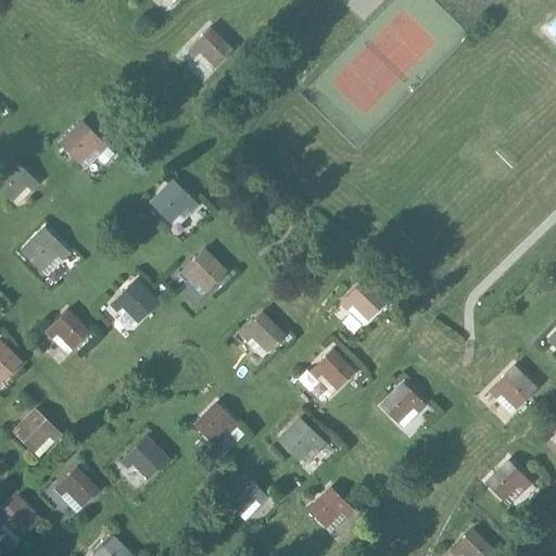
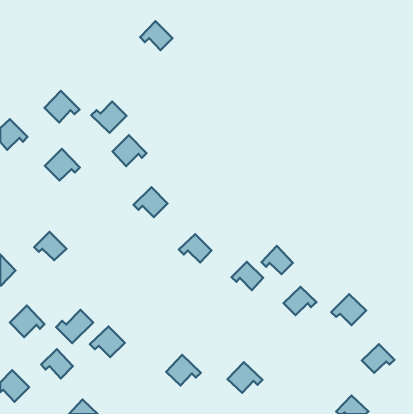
building: none -> [91,102,127,133]
building: [23,228,70,270] -> [45,149,80,181]
building: [112,281,159,323] -> none
building: [342,281,384,319] -> [261,246,293,274]
building: [490,367,536,408] -> [331,294,366,325]
building: [195,404,239,442] -> none
building: none -> [56,310,93,343]
building: [279,419,326,460] -> none

